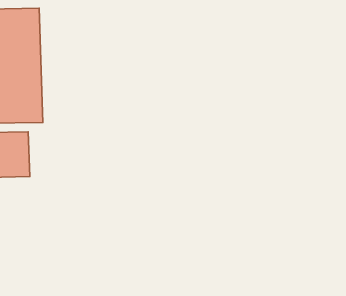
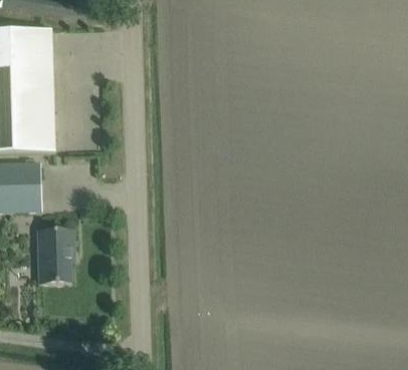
building: none -> [37,229,74,281]

